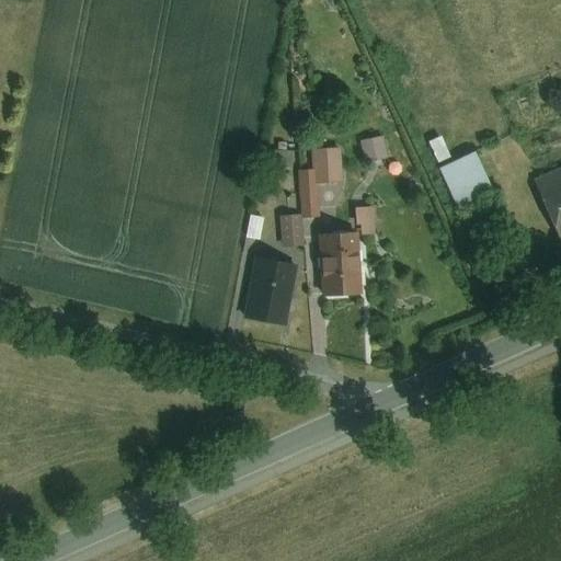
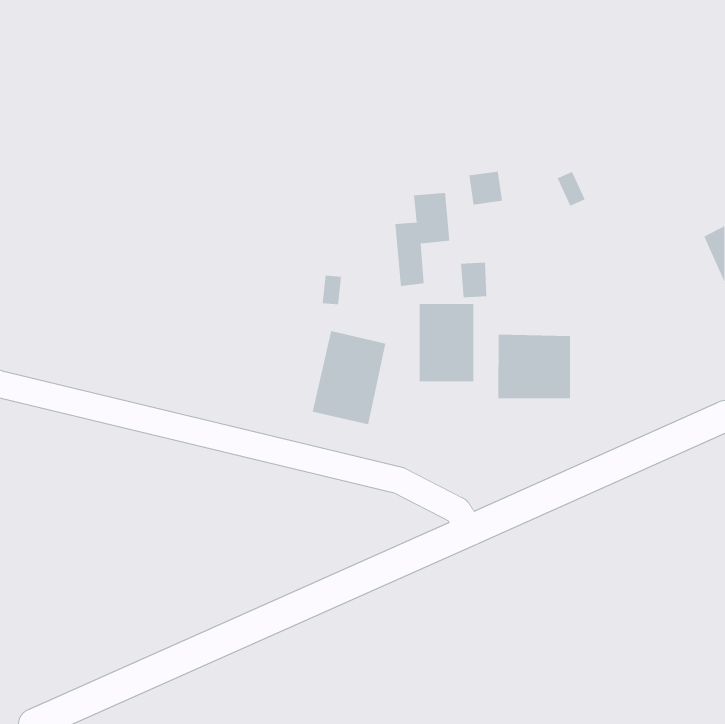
building: [435,152,489,209] -> none
building: [279,210,305,242] -> none
building: none -> [498,334,571,399]

